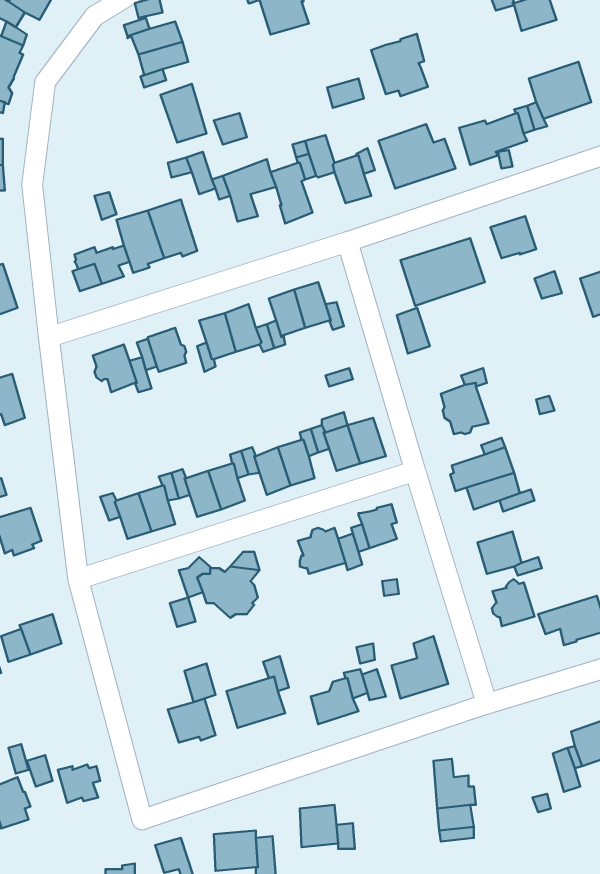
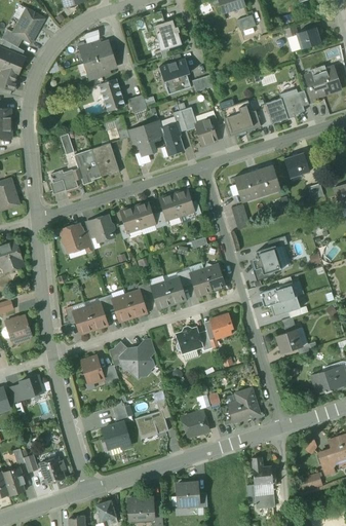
building: [371,34,428,96] -> [159,58,191,92]
building: [492,579,535,626] -> none
building: none -> [81,356,104,383]

